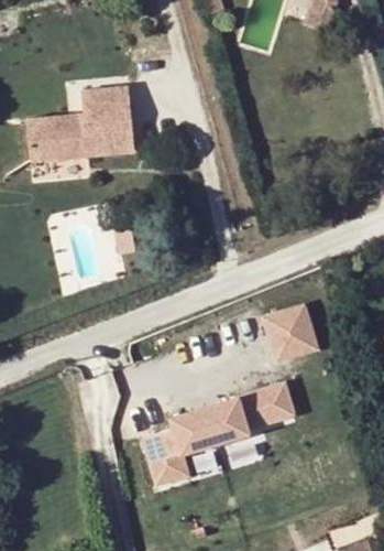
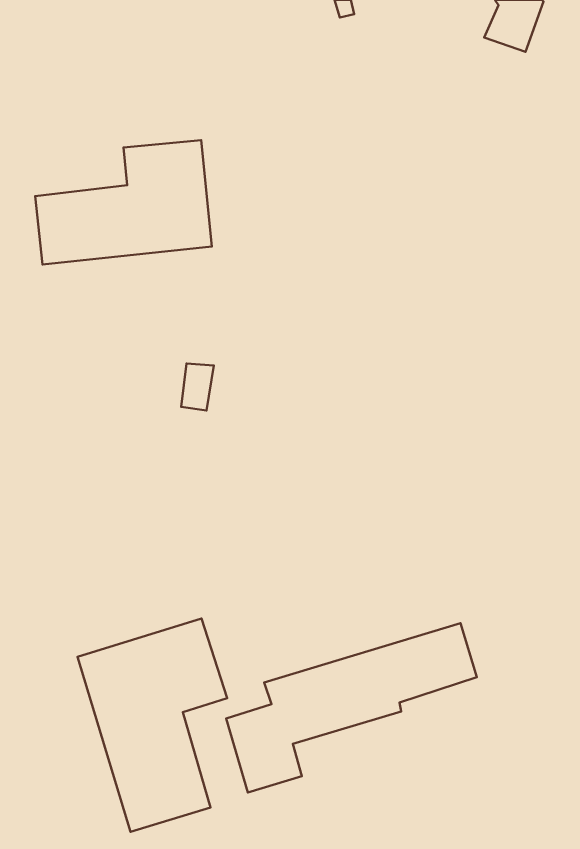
building: [264,304,317,358] -> none
building: none -> [78,619,227,832]

